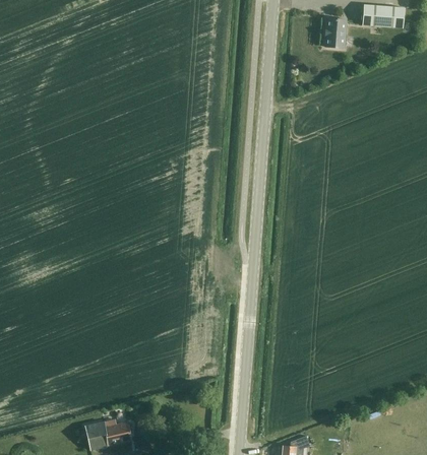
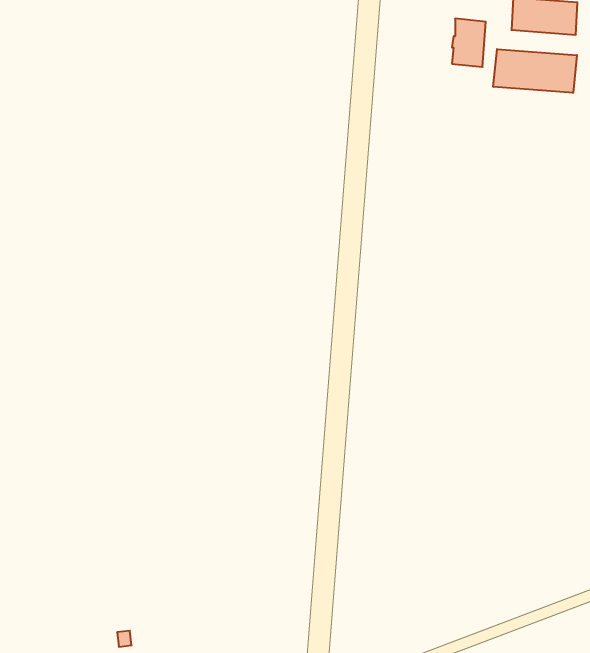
building: none -> [493,49,577,93]

